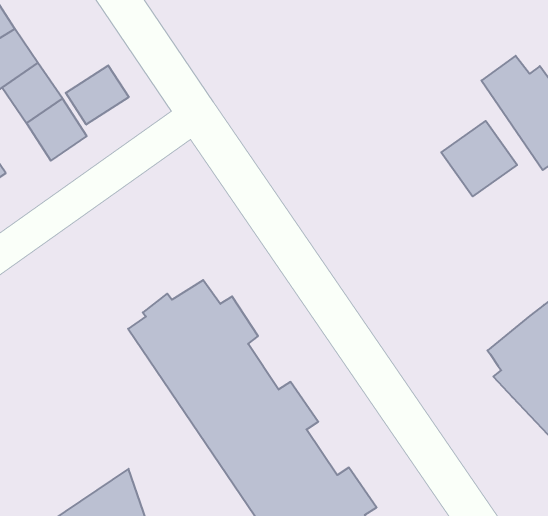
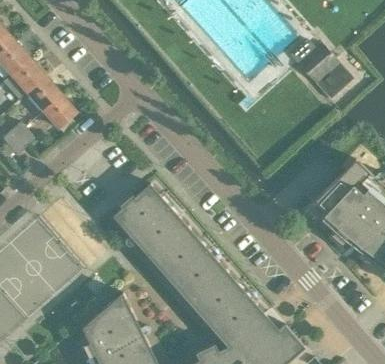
building: [66,65,129,125] -> none
building: [441,121,517,196] -> none

